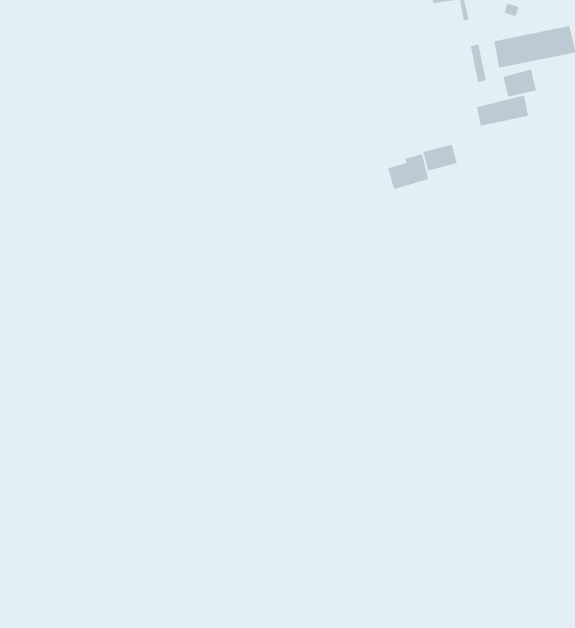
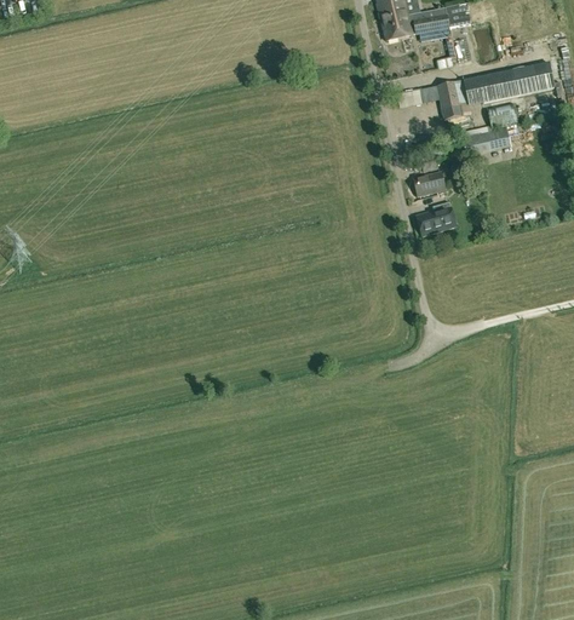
building: none -> [436,81,464,119]
building: [387,153,429,190] -> [417,201,455,235]

